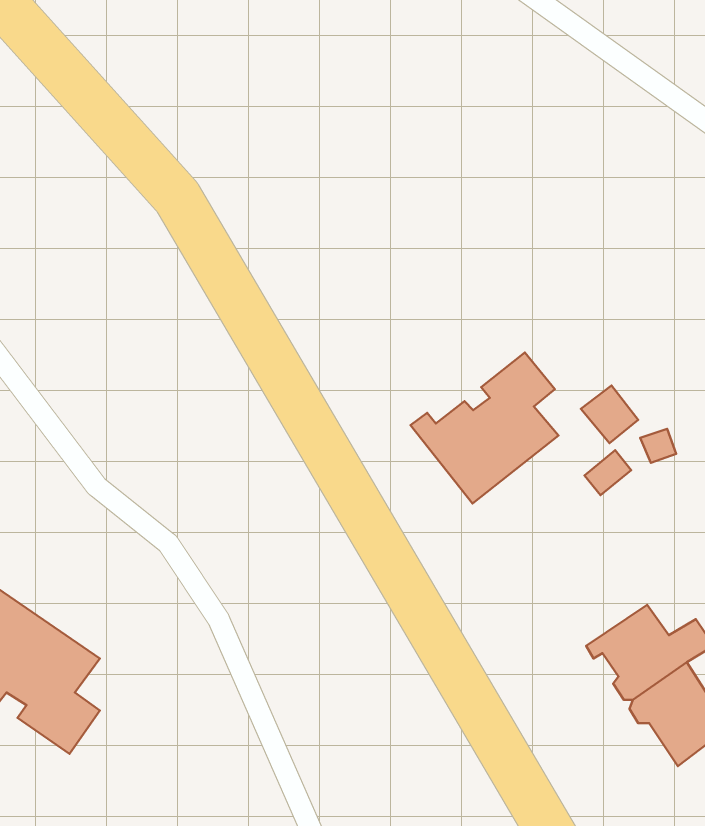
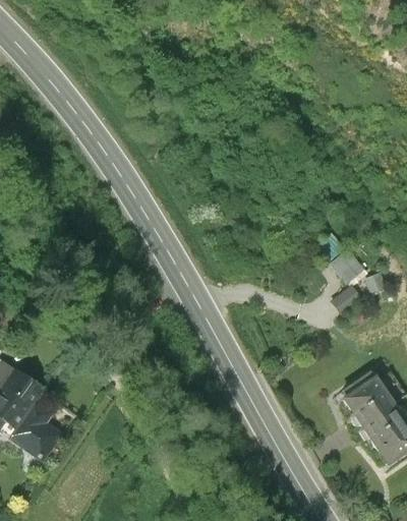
building: [410,352,558,503] -> none

